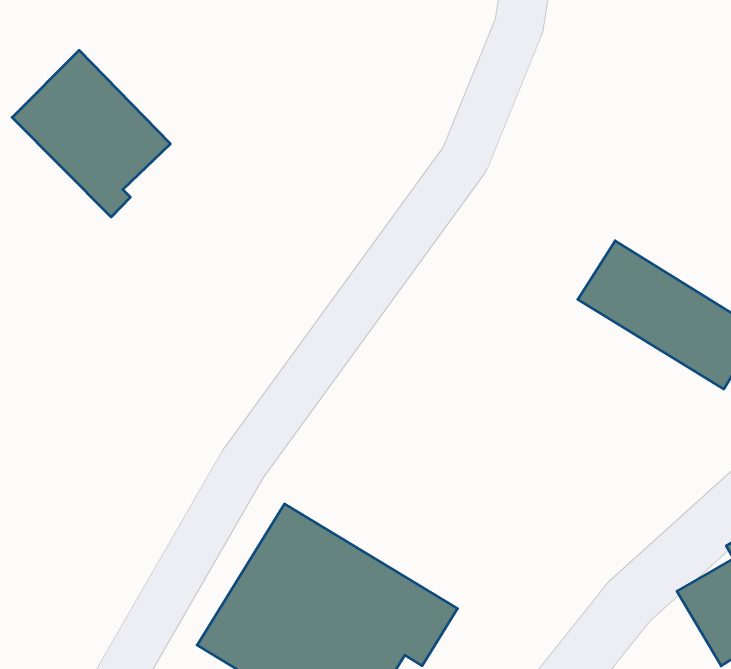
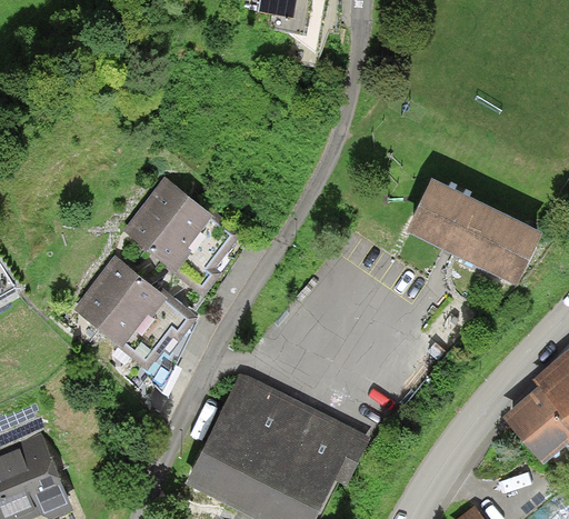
building: [12,50,170,217] -> [127,180,232,287]
building: none -> [77,258,190,359]

